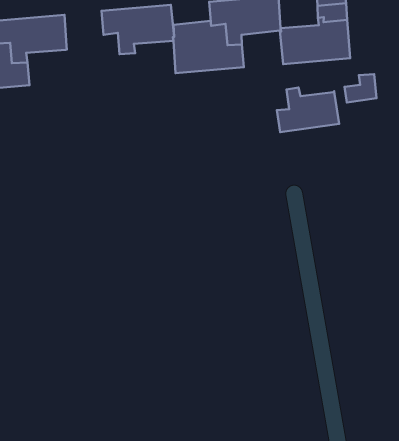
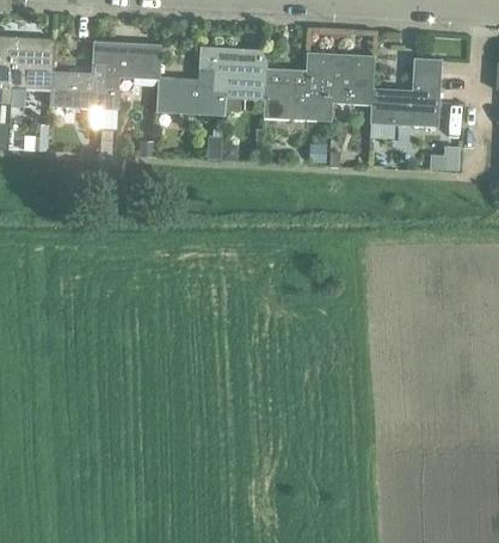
building: none -> [155,70,226,116]
building: [277,87,339,132] -> none

